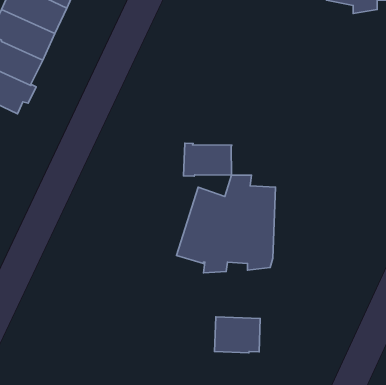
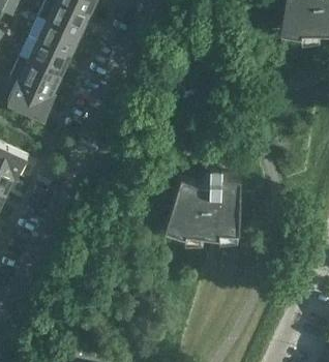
building: [184,143,232,176] -> none
building: [214,317,260,353] -> none

